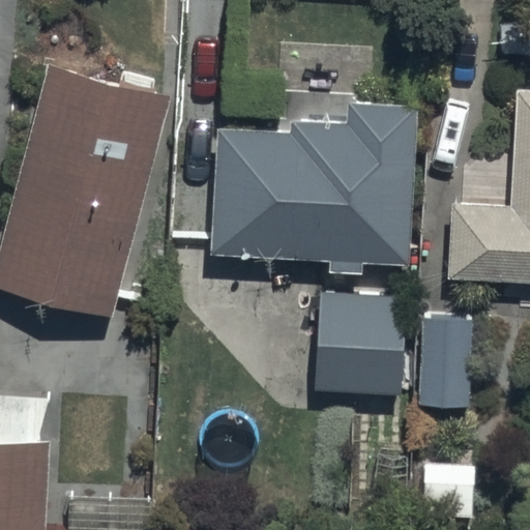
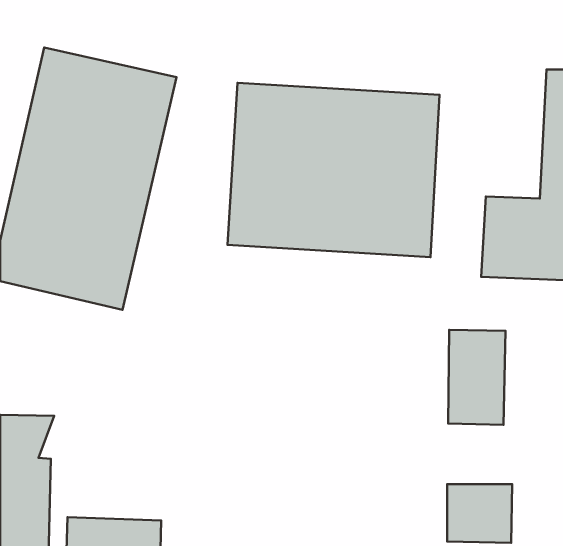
building: [316,295,407,402] -> none

